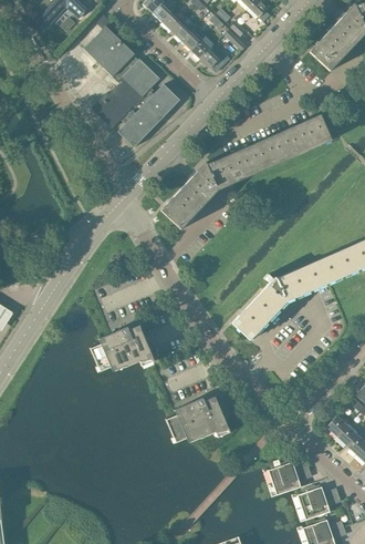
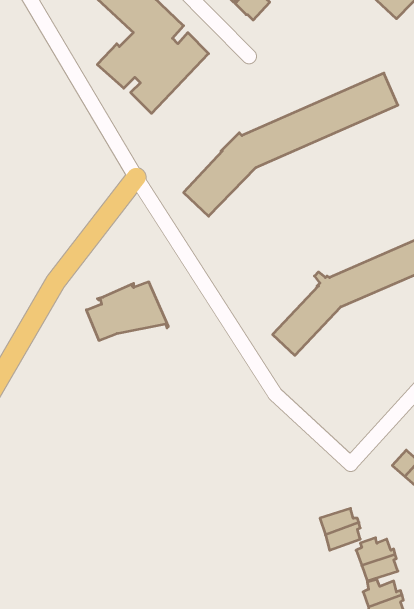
building: [90,326,155,372] -> [86,282,168,340]
building: [166,397,230,443] -> none

